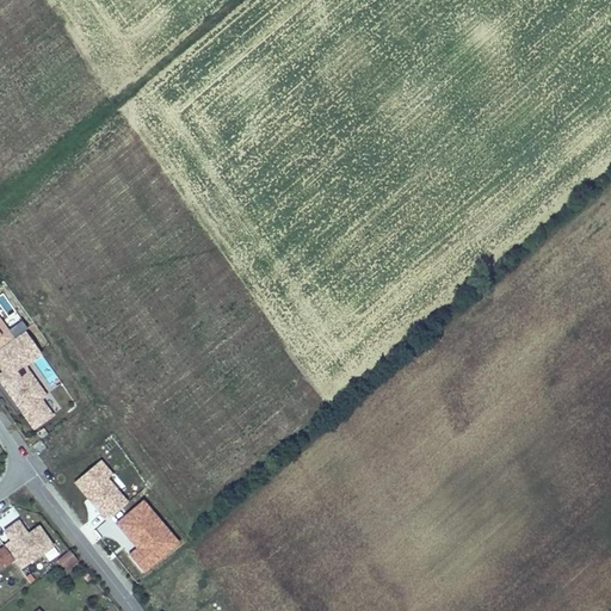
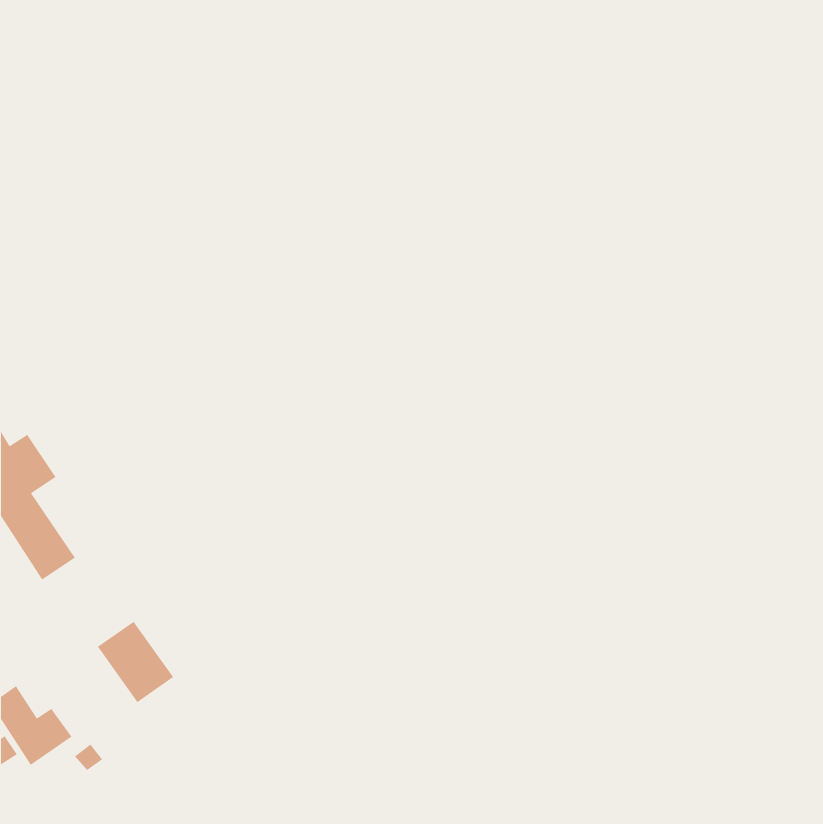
building: [115,498,181,574] -> none

